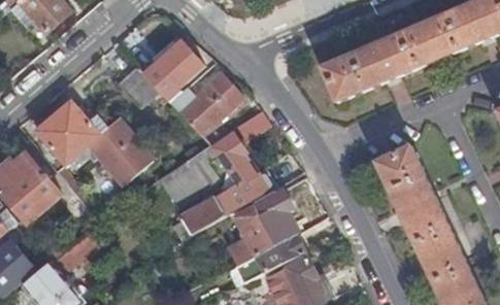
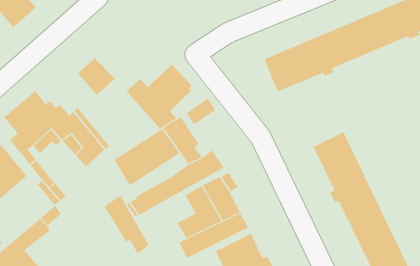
building: [144,39,204,101] -> none
building: none -> [104,195,150,255]

